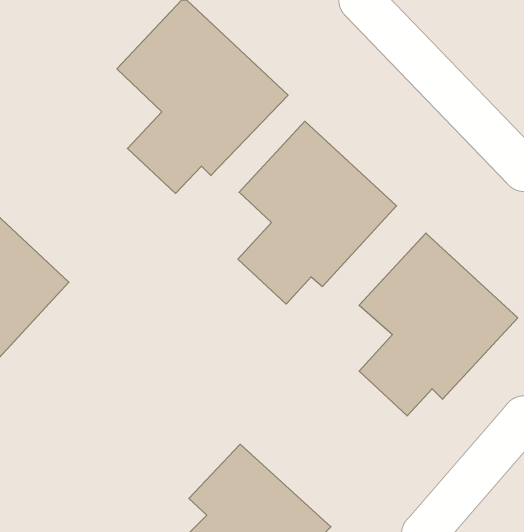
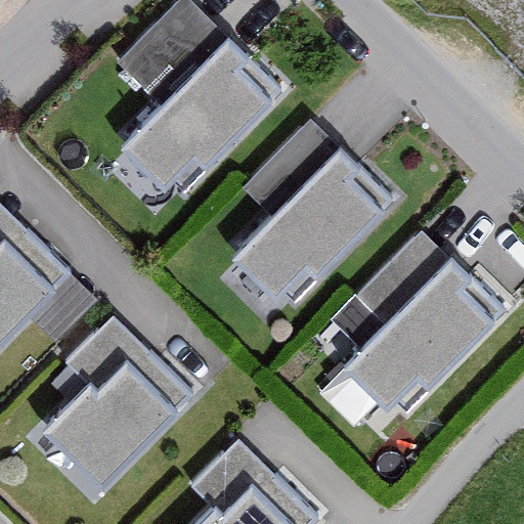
building: none -> [33,312,196,493]

